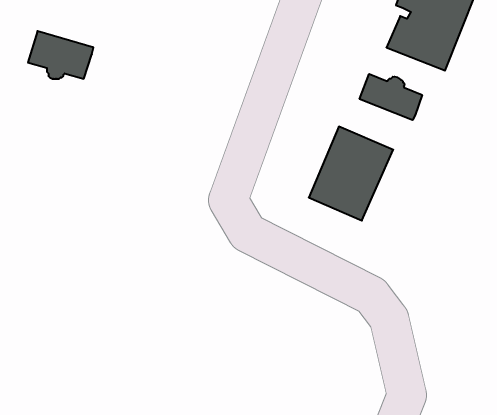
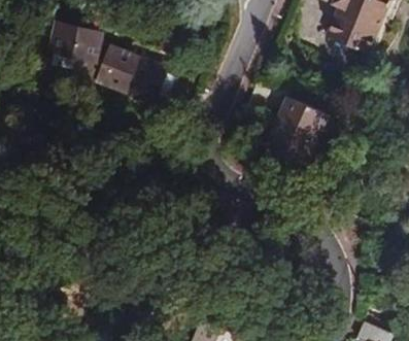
building: none -> [93,43,170,100]
building: [360,74,422,120] -> none

